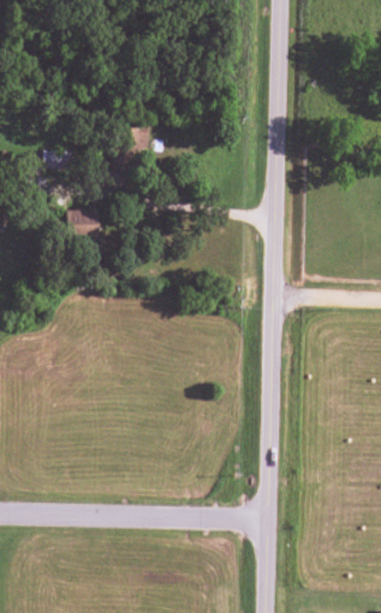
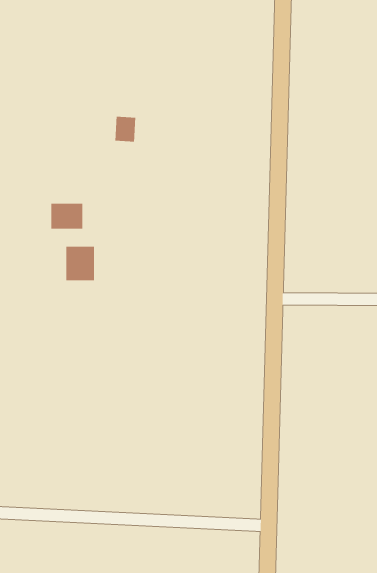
building: none -> [66,246,95,281]

